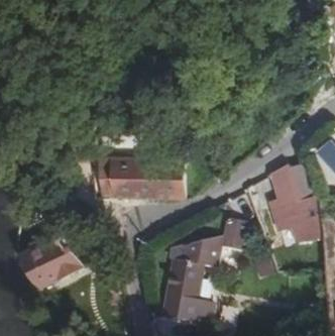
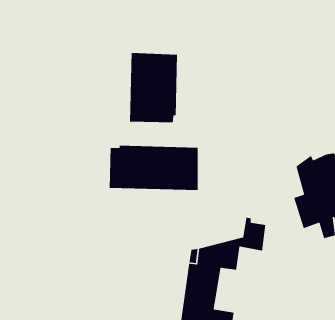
building: none -> [129,52,178,123]
building: [18,225,82,292] -> none

